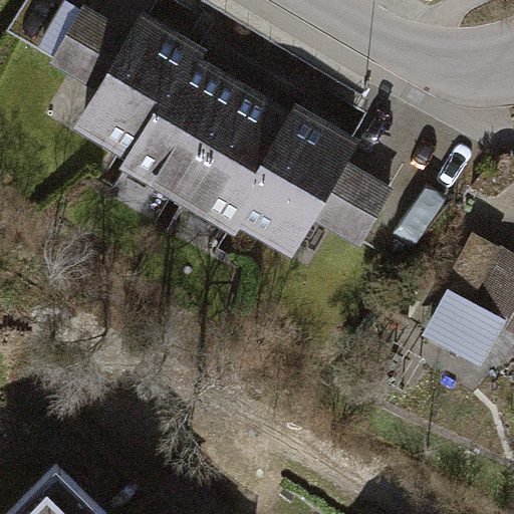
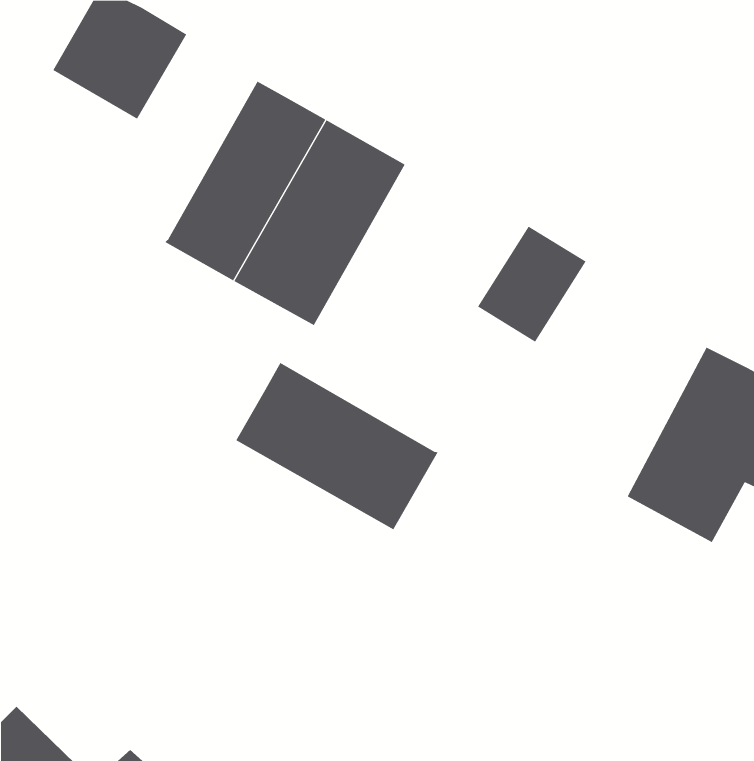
building: [71,13,205,163] -> none
building: [218,105,351,259] -> none
building: none -> [235,362,438,530]

